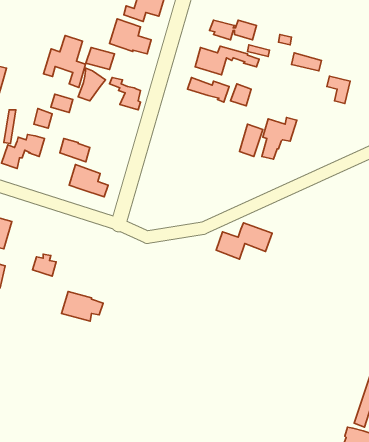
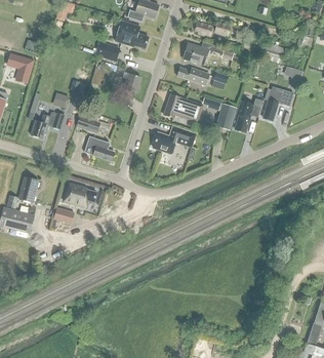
building: [44,35,85,88] -> none
building: none -> [262,85,293,119]
building: none -> [163,93,202,121]
building: [216,223,272,259] -> [152,124,196,153]
building: [62,291,103,321] -> [63,183,95,206]

